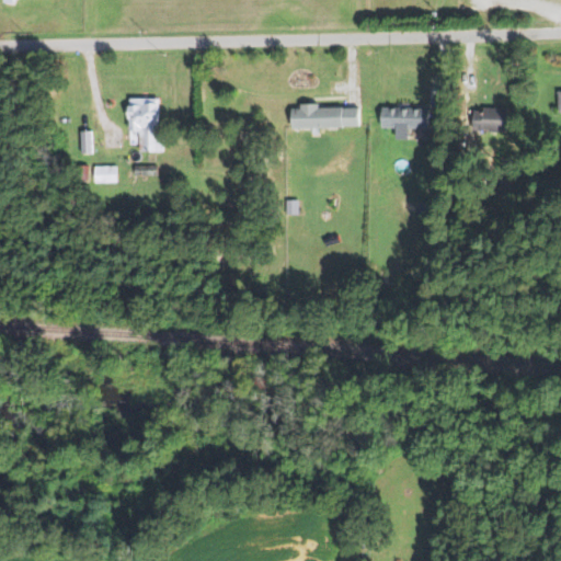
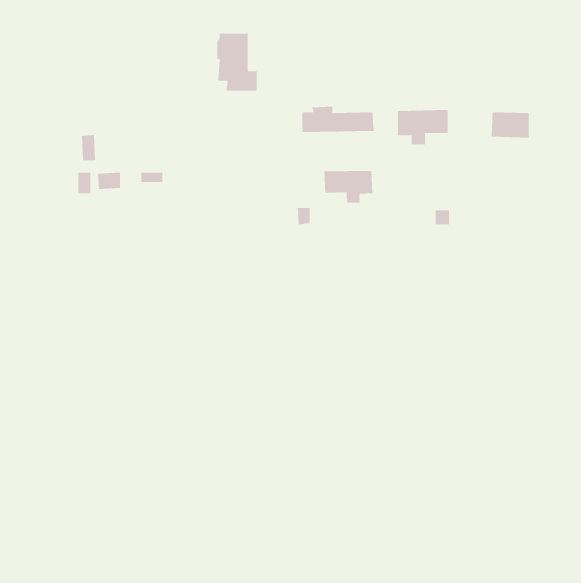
building: [127,99,167,154] -> [216,33,258,91]
building: none -> [324,170,373,204]

